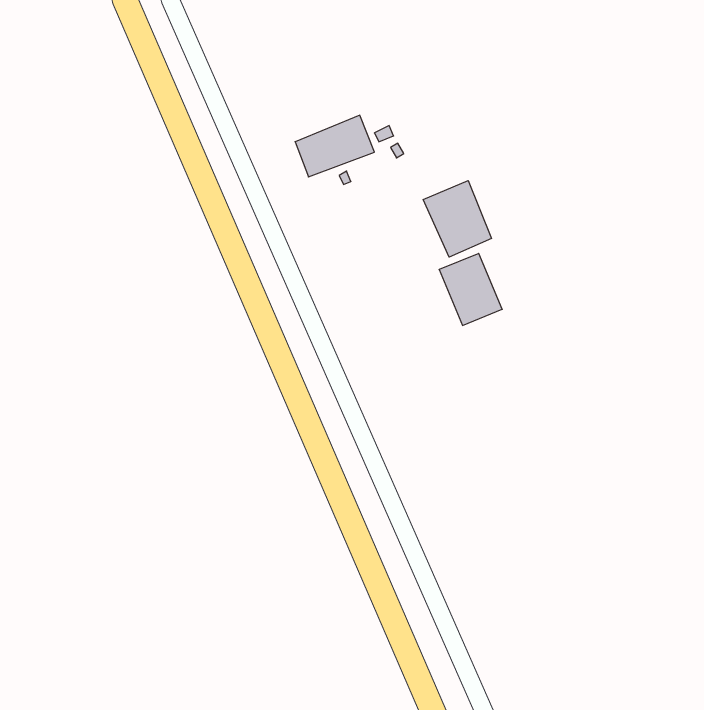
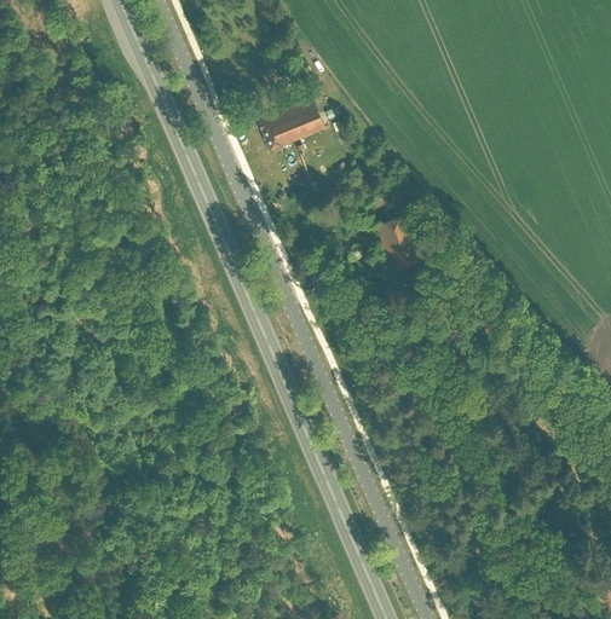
building: [423,181,492,257] -> none

